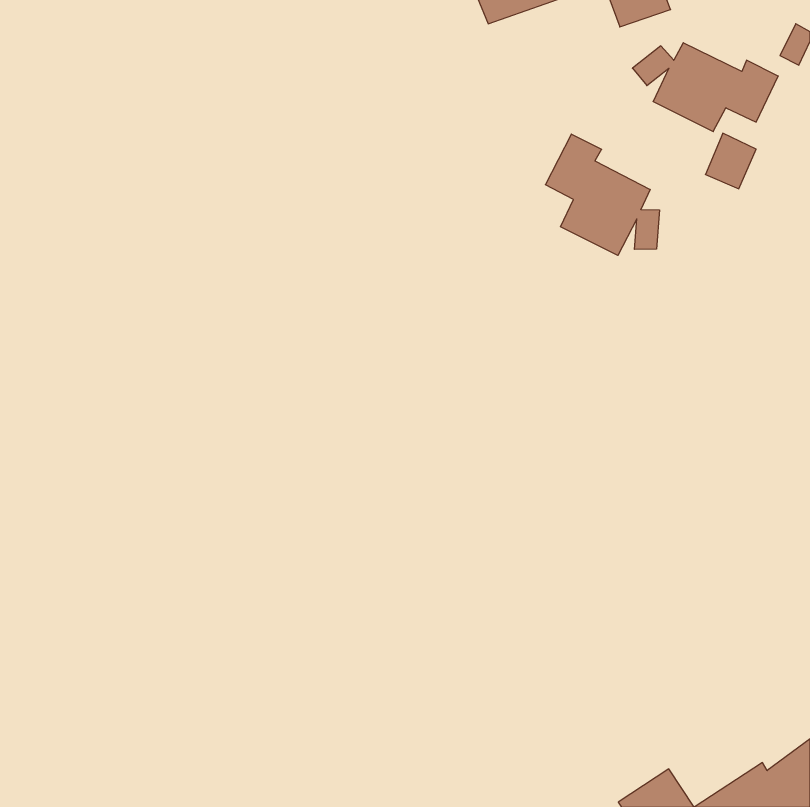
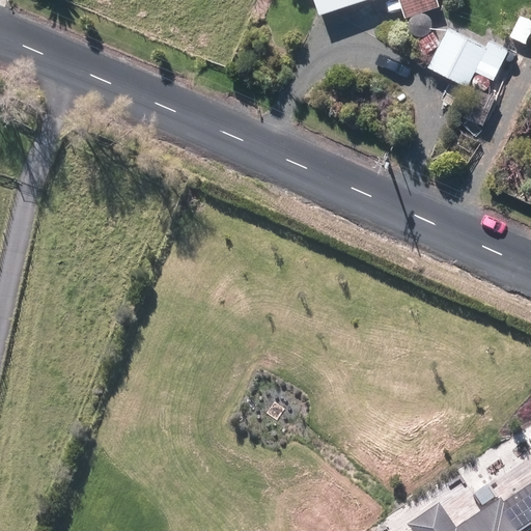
building: [545,134,659,255] -> none

